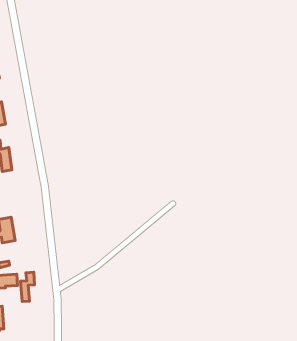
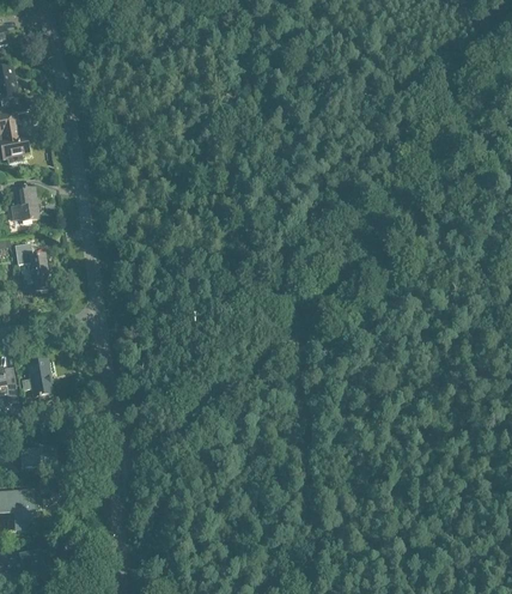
building: [20,272,34,302] -> none

